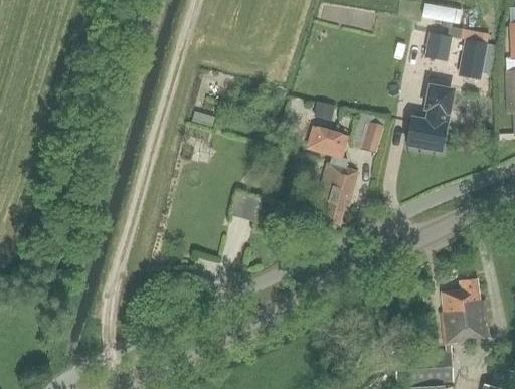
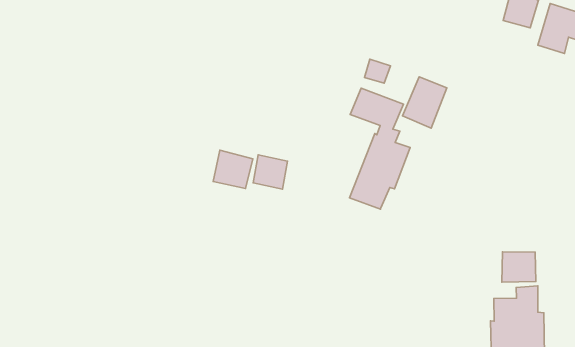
building: [406,82,457,149] -> none
building: none -> [213,150,253,189]
building: none -> [502,252,536,282]

